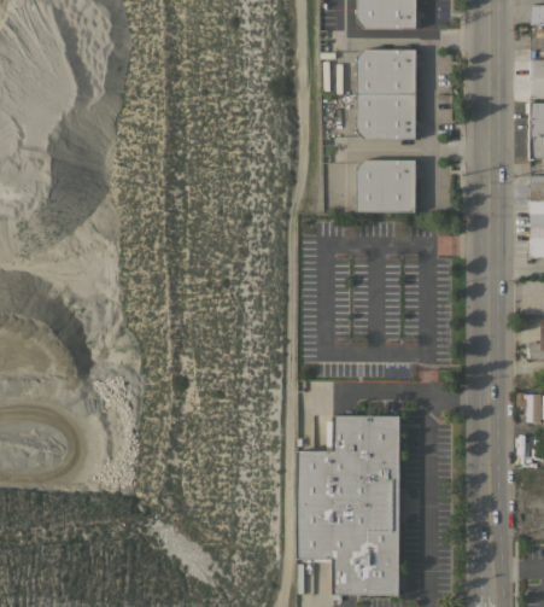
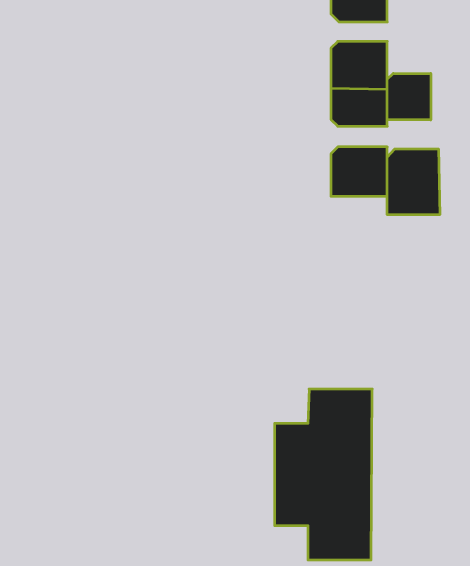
building: none -> [387,73,431,120]
building: none -> [387,149,440,215]

